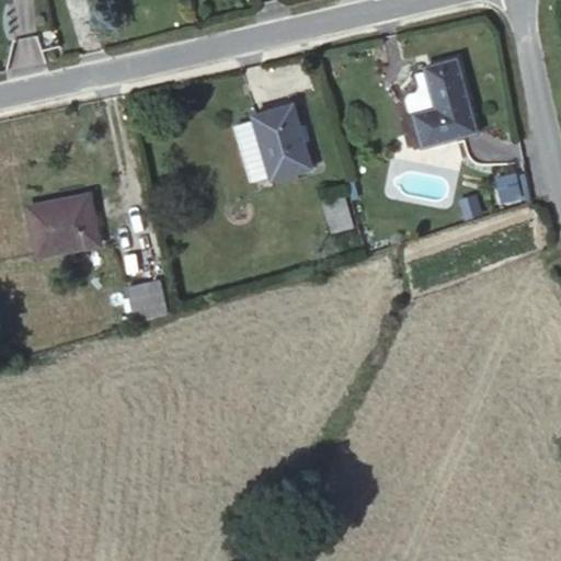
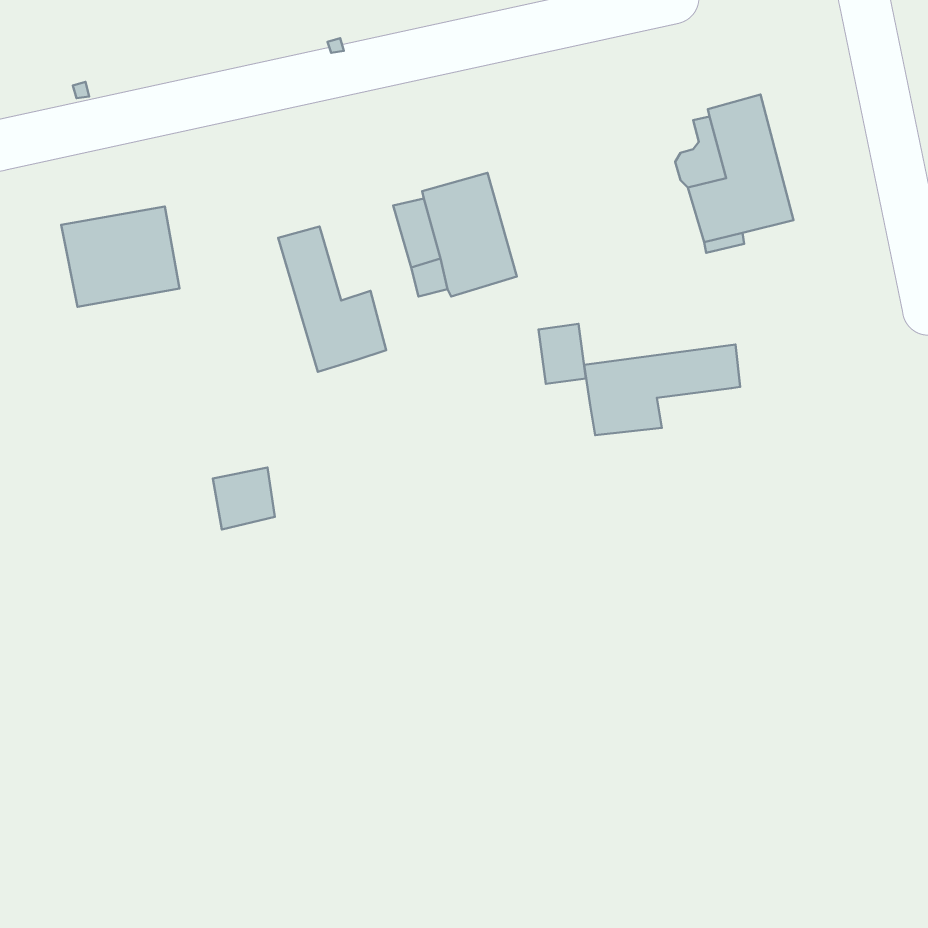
building: none -> [278,227,386,372]
building: [27,195,99,255] -> [61,207,180,307]
building: none -> [584,345,740,435]

